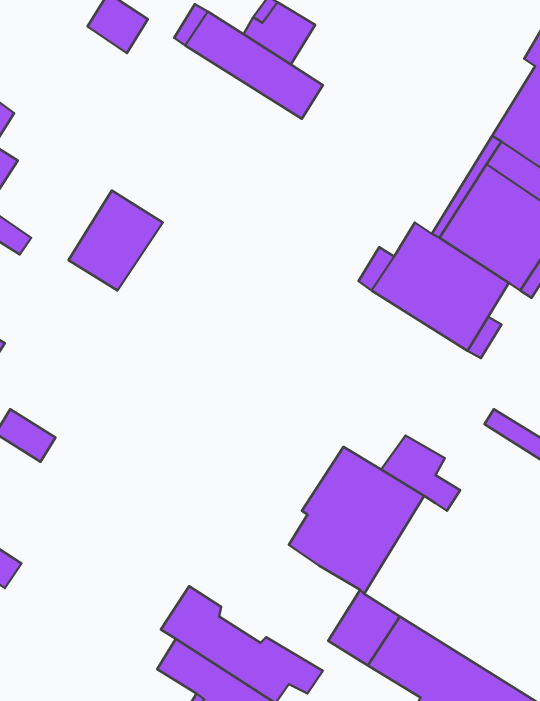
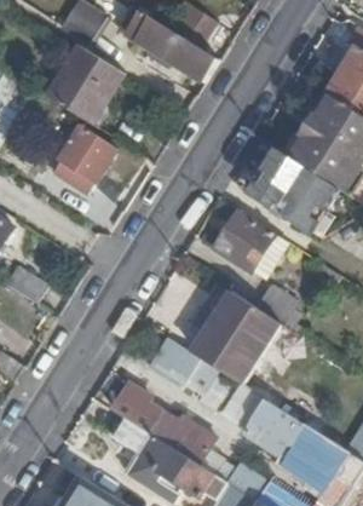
building: none -> [48,44,125,123]
building: none -> [214,211,282,269]
building: none -> [150,338,214,391]

